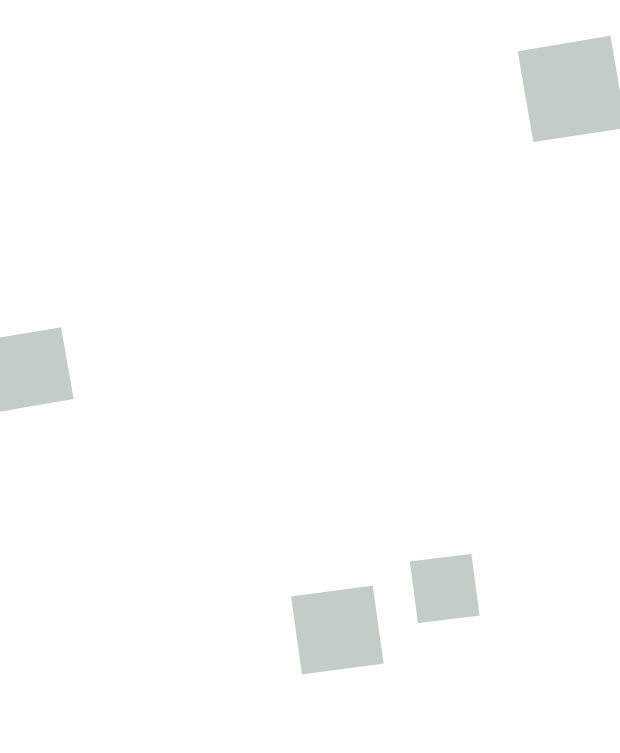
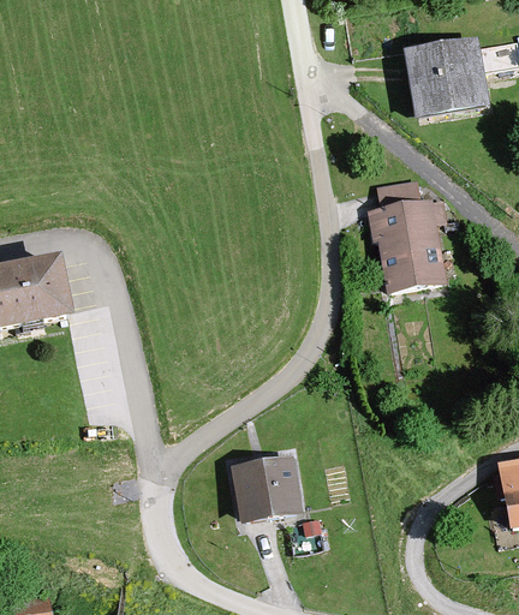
building: none -> [368,193,454,293]
building: [409,553,480,624] -> none

